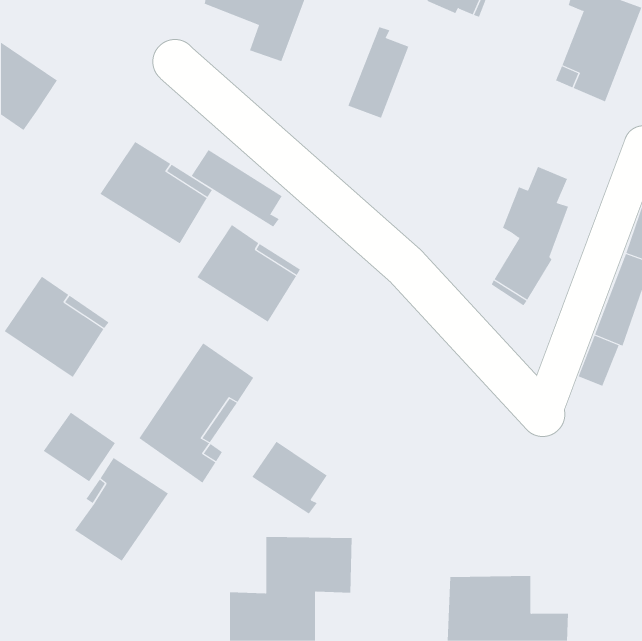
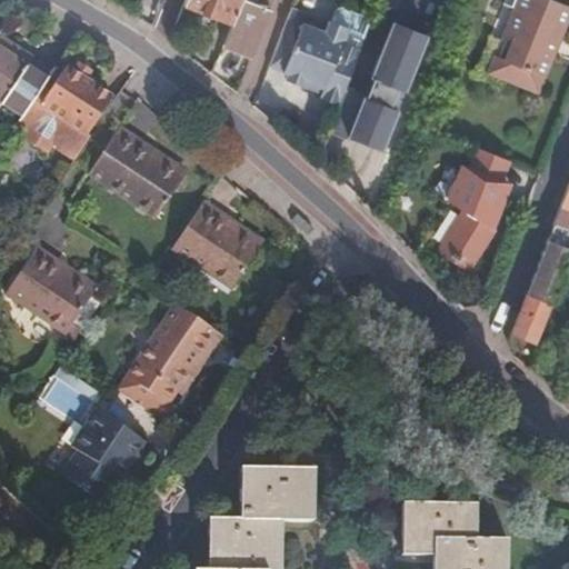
building: none -> [267,7,336,93]
building: none -> [350,21,430,150]
building: none -> [20,64,112,158]
building: [191,149,283,227] -> none
building: [252,441,328,514] -> none

